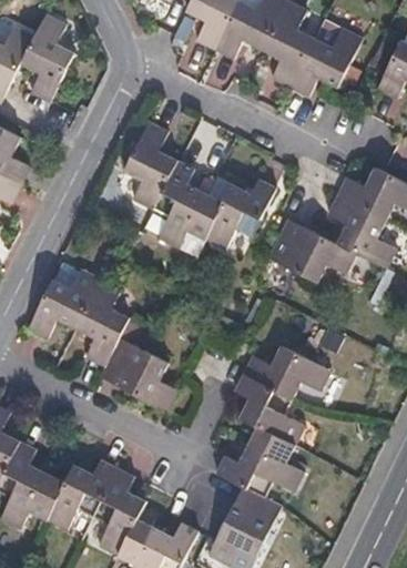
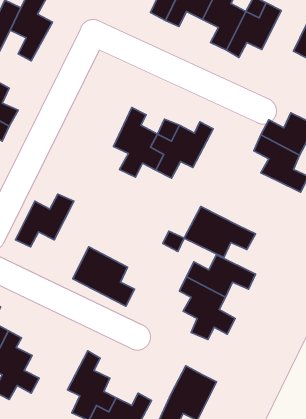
building: [123,122,174,210] -> none
building: [267,219,357,283] -> [184,206,255,258]
building: [77,278,129,365] -> none
building: [214,437,303,497] -> none
building: [39,459,119,529] -> none

